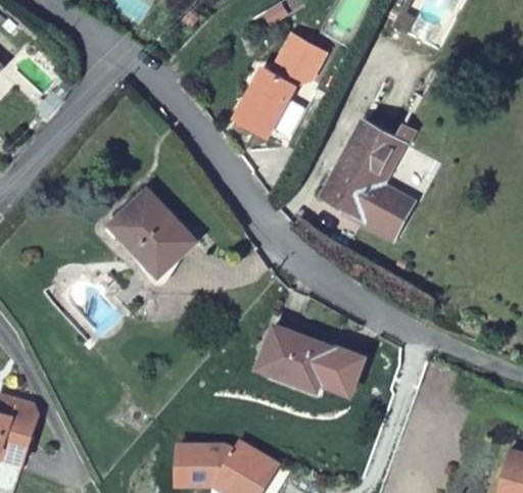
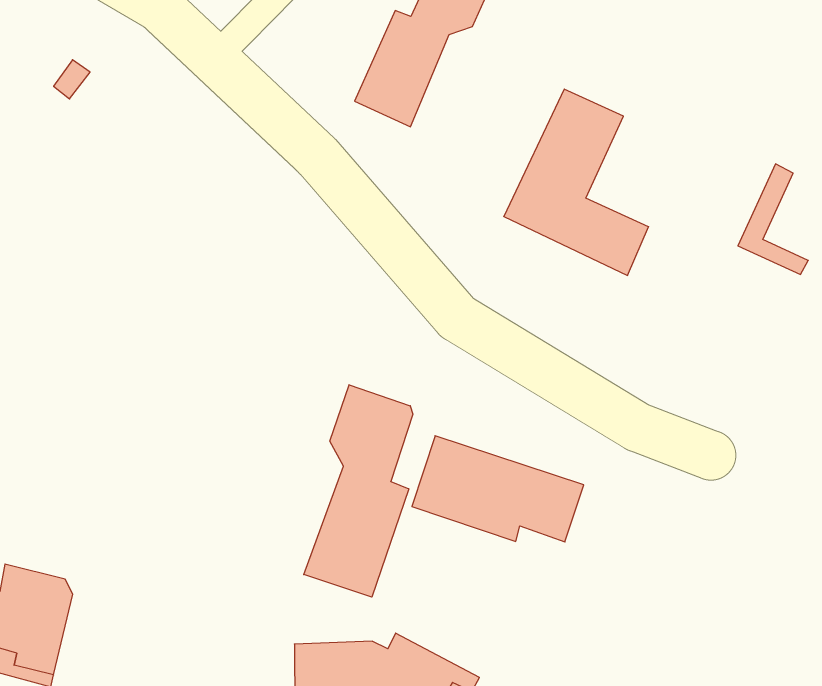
building: [370,140,412,207] -> [738,164,808,274]
building: [110,189,194,275] -> none
building: none -> [304,385,413,597]

